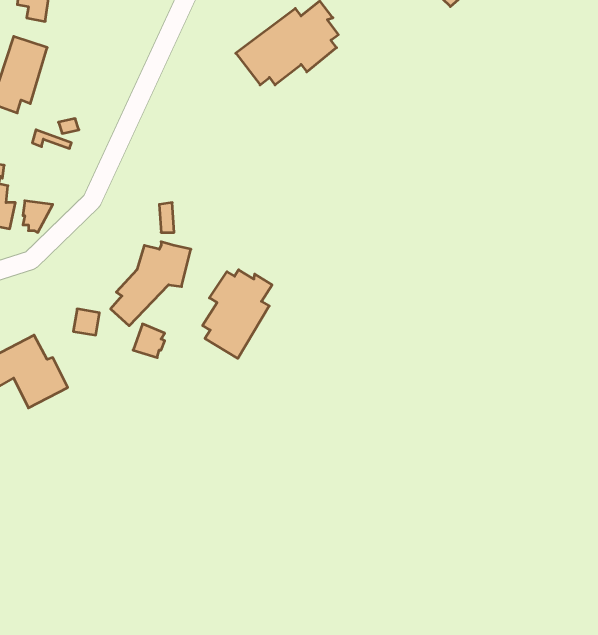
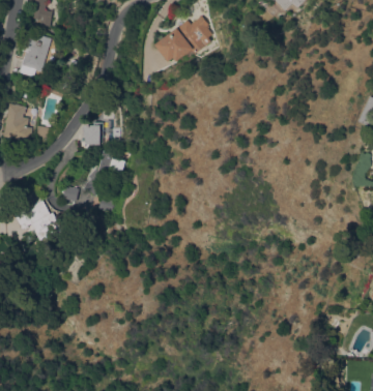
building: none -> [81,122,103,146]
building: [203,270,272,358] -> none

